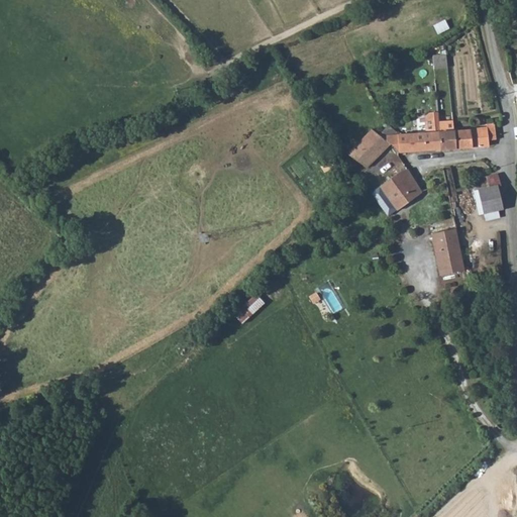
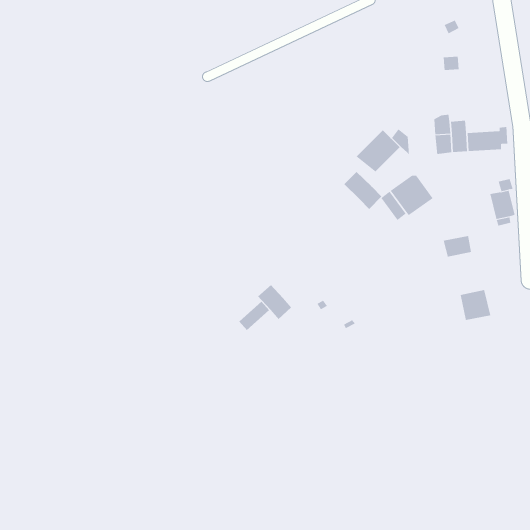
building: [398,131,425,151] -> none
building: none -> [343,171,382,210]
building: [435,245,466,276] -> [460,289,491,321]
building: none -> [257,284,292,320]

